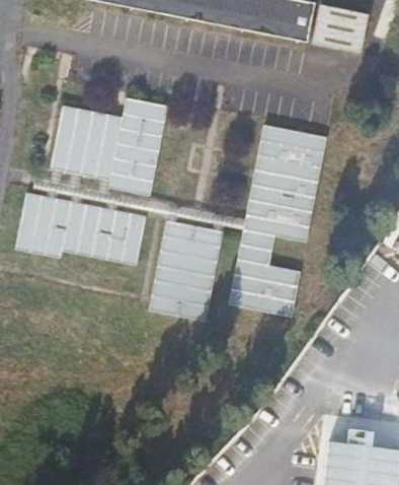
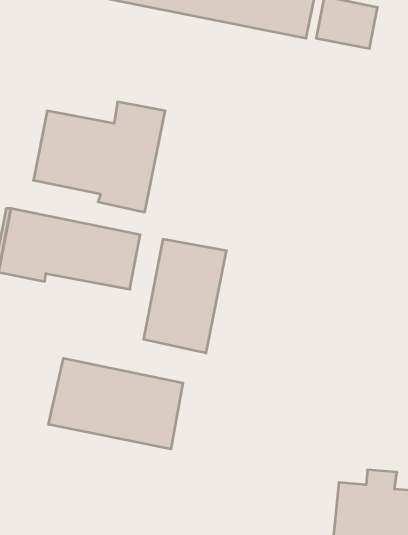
building: [230,124,327,316] -> none
building: none -> [49,358,183,449]

